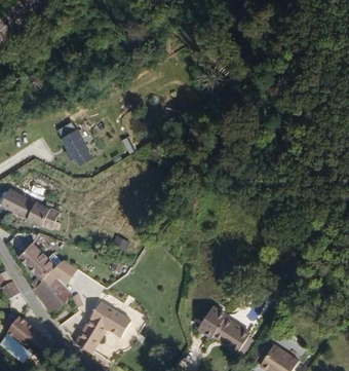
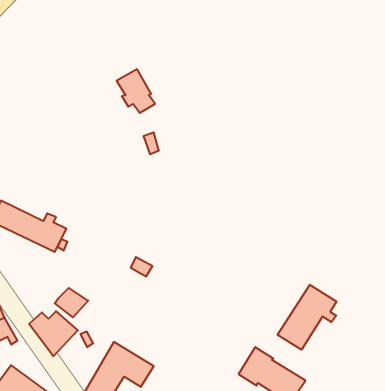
building: [60,126,90,161] -> [117,69,155,113]
building: [18,242,61,277] -> none
building: none -> [278,285,337,350]

